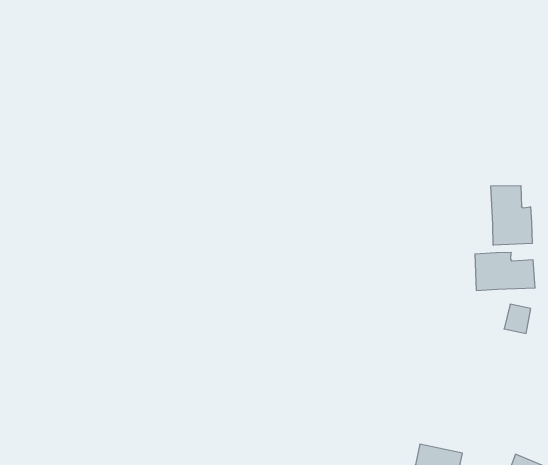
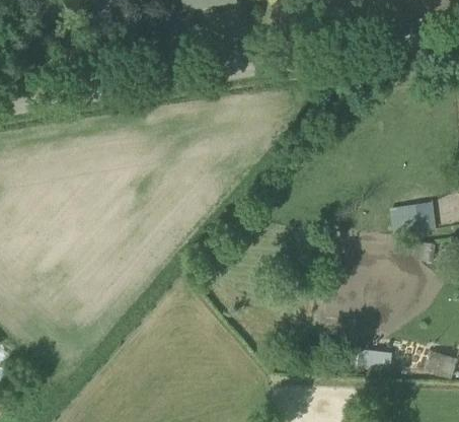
building: [491,186,532,245] -> none

